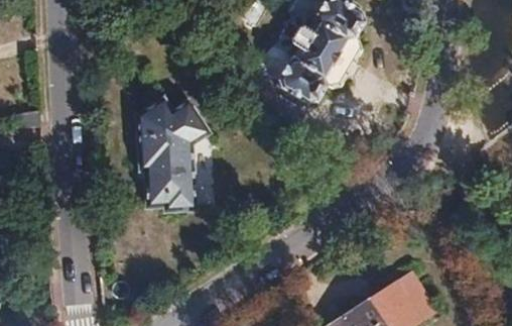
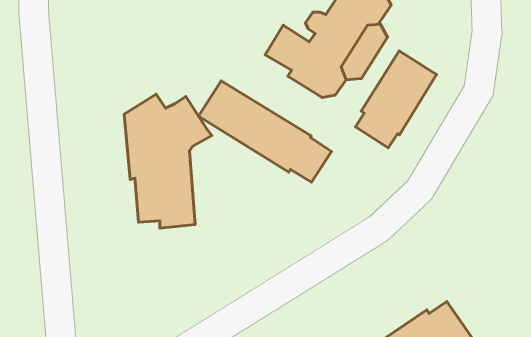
building: none -> [356,51,437,148]
building: none -> [199,81,331,182]

